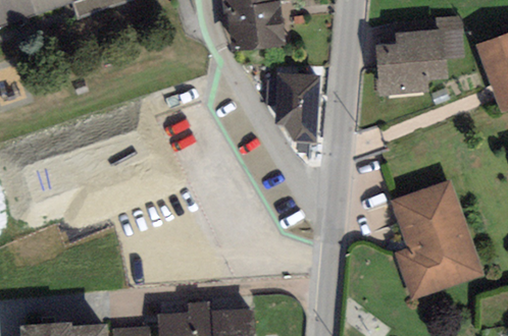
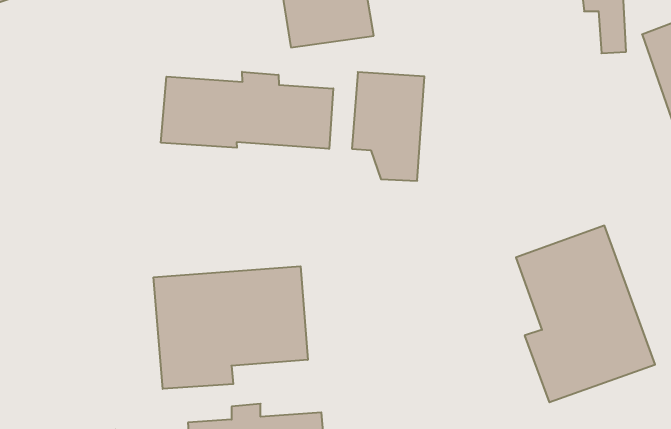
building: [376,29,445,96] -> none
building: none -> [161,72,333,149]
building: none -> [154,266,308,389]

